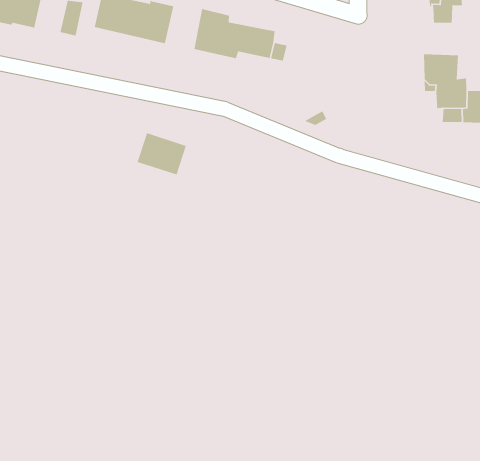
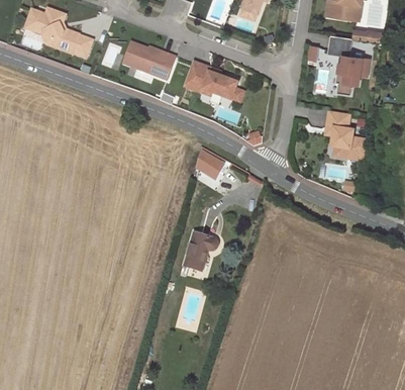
building: [137,132,187,176] -> [194,150,227,180]
building: none -> [185,233,217,271]

